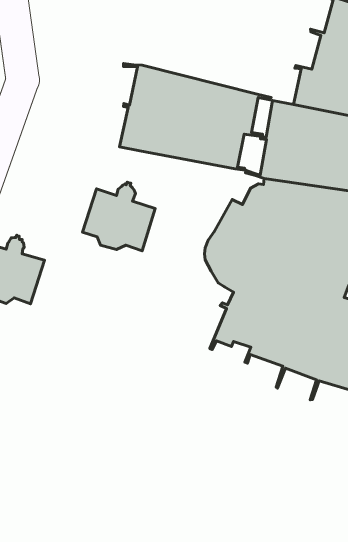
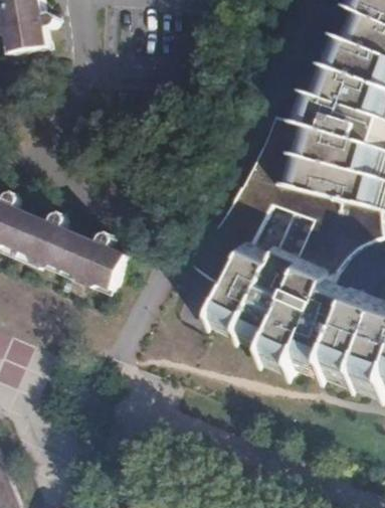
building: [120,64,271,170] -> none
building: [82,182,155,251] -> [61,231,124,290]

